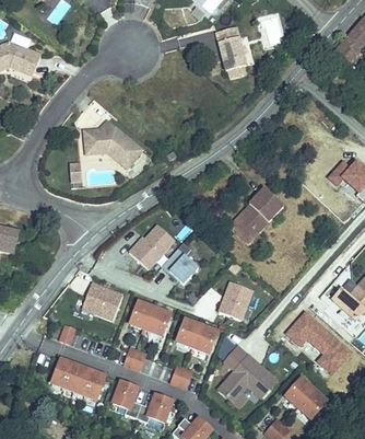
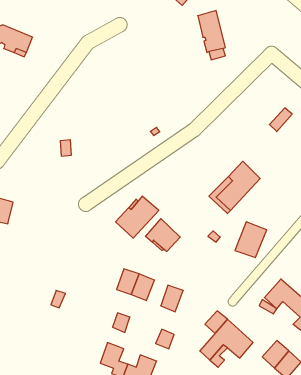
building: [85,119,142,167] -> none
building: [219,280,252,319] -> [235,222,267,258]
building: [82,281,122,320] -> none
building: [192,324,217,353] -> none
building: [51,358,106,400] -> none

